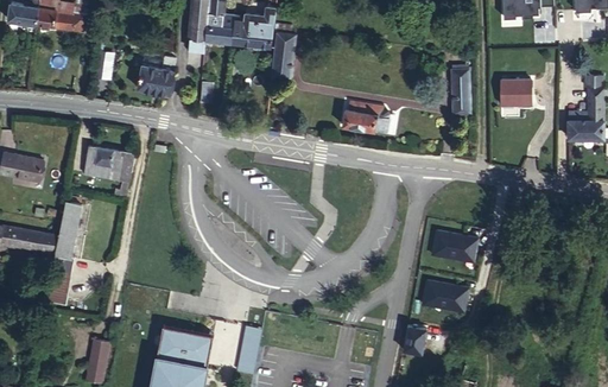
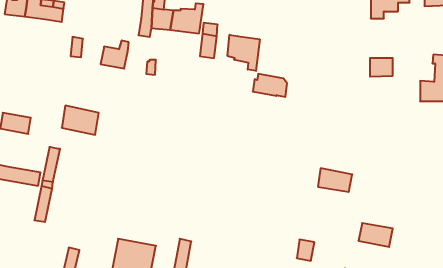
building: none -> [228,35,260,71]
building: [452,69,470,115] -> none
building: [422,280,468,312] -> [358,223,393,247]

